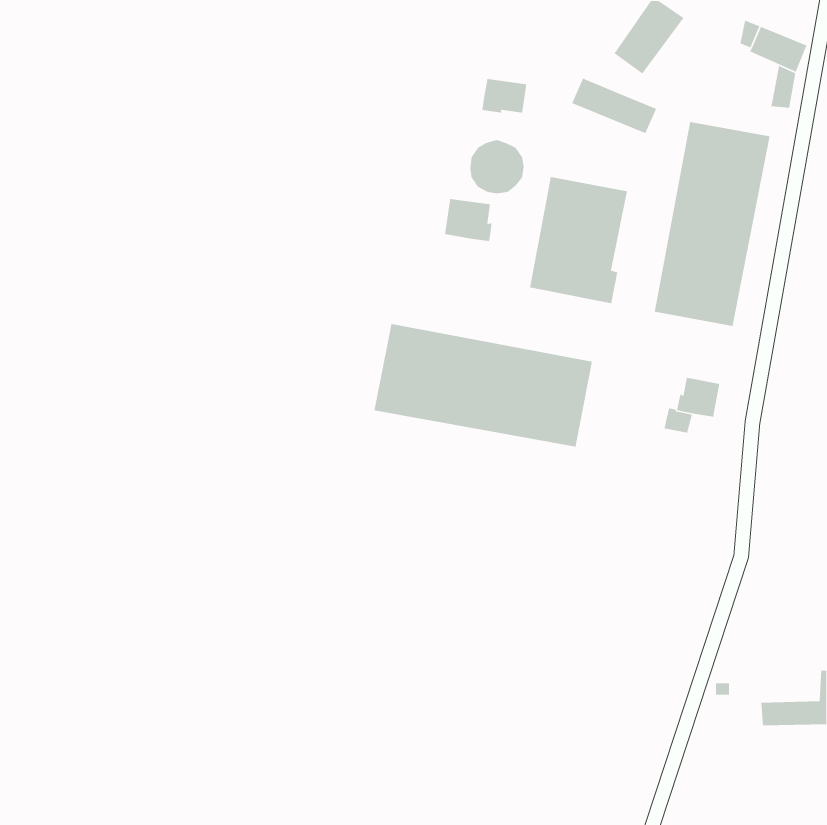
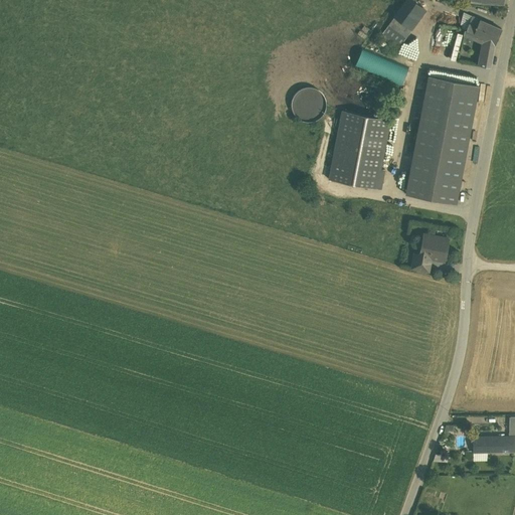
building: [482,78,527,114] -> none
building: [444,198,492,242] -> none
building: [374,323,593,447] -> none

